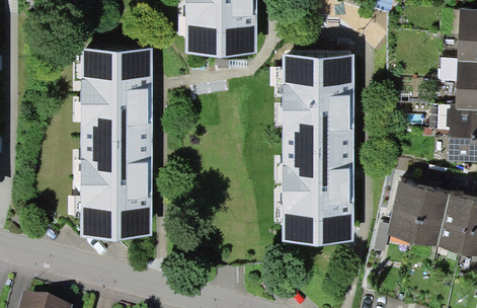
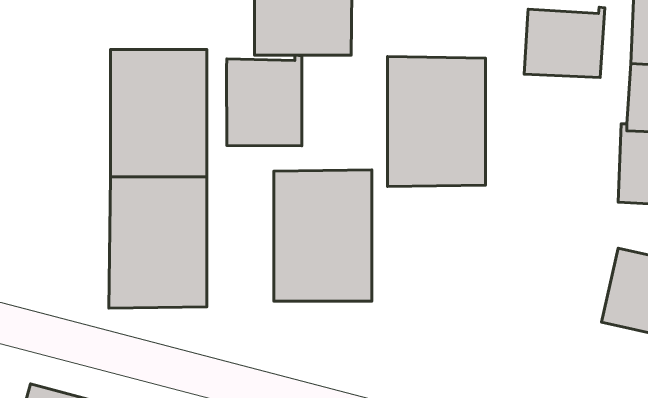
building: none -> [524,7,605,78]
building: none -> [226,55,302,146]
building: [282,148,352,243] -> [274,170,372,301]
building: [386,182,449,247] -> none

